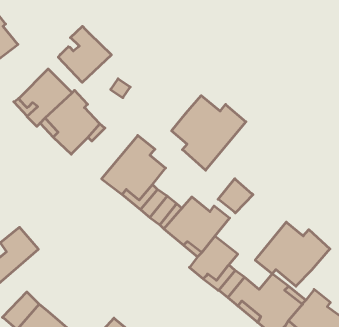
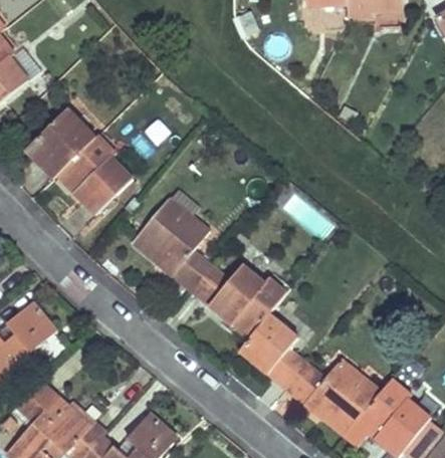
building: [58,26,111,82] -> none
building: [172,96,246,170] -> none
building: [218,179,253,213] -> none
building: [255,222,330,286] -> none

